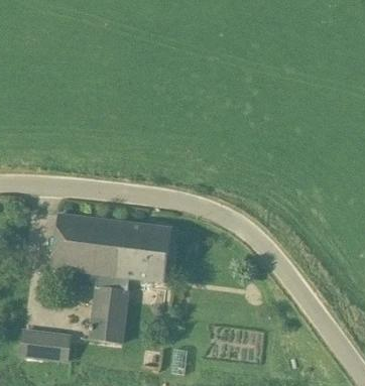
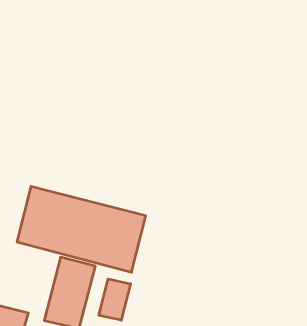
building: none -> [99,279,131,320]

